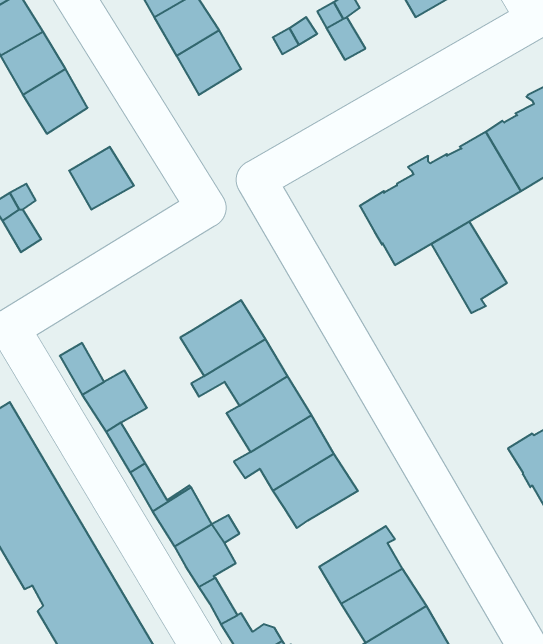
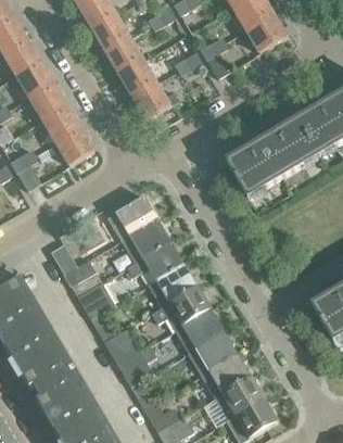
building: none -> [131,81,178,118]
building: none -> [42,104,79,141]
building: [431,222,507,313] -> none
building: none -> [115,194,156,235]
building: none -> [189,329,241,374]

